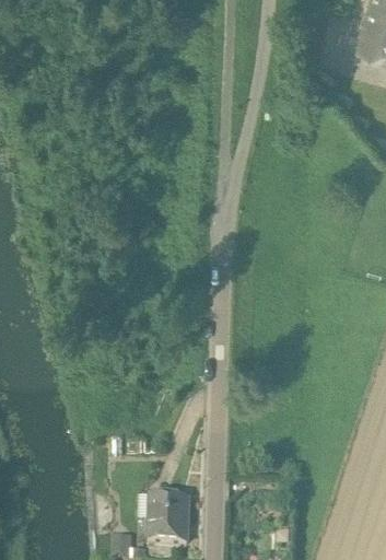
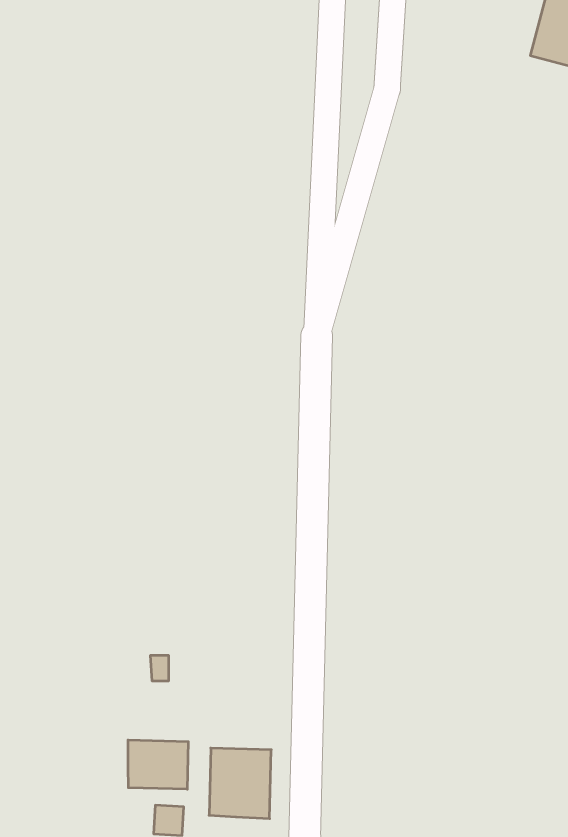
building: none -> [128,740,188,789]

